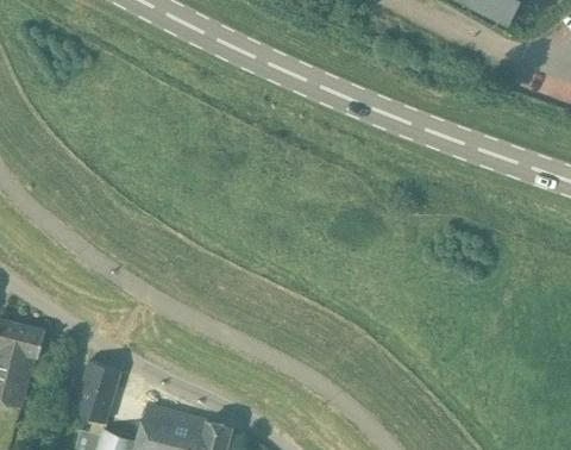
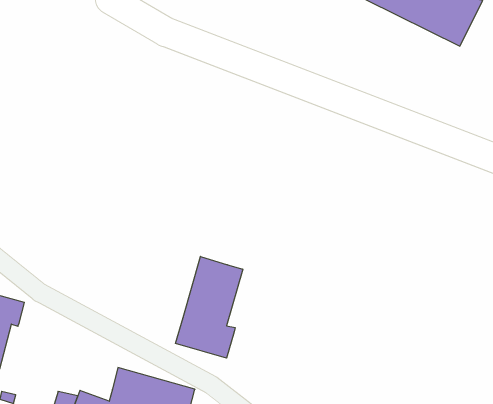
building: none -> [176,256,243,358]
building: [71,360,121,419] -> none

